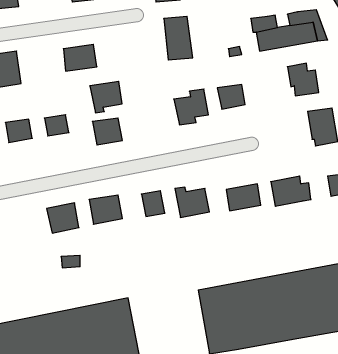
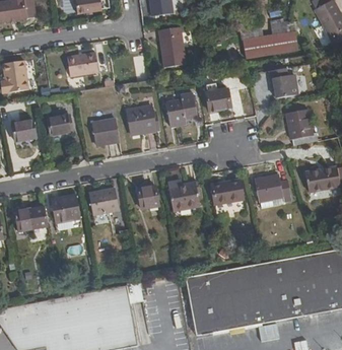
building: [90,81,122,113] -> [127,107,156,135]
building: none -> [15,207,49,231]

